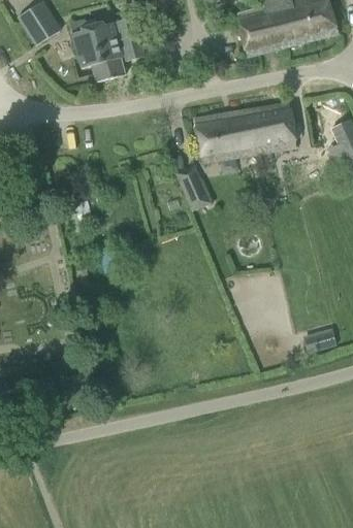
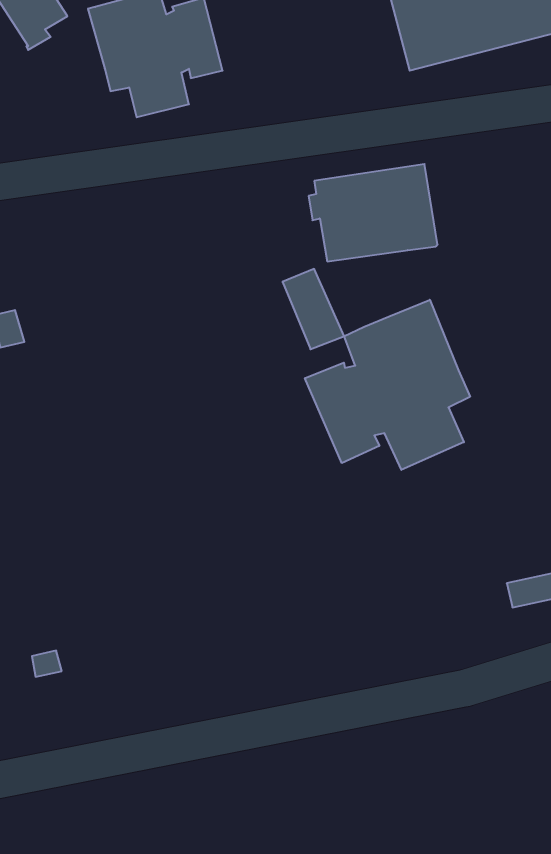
building: [255,101,296,161] -> none
building: none -> [305,300,470,470]

